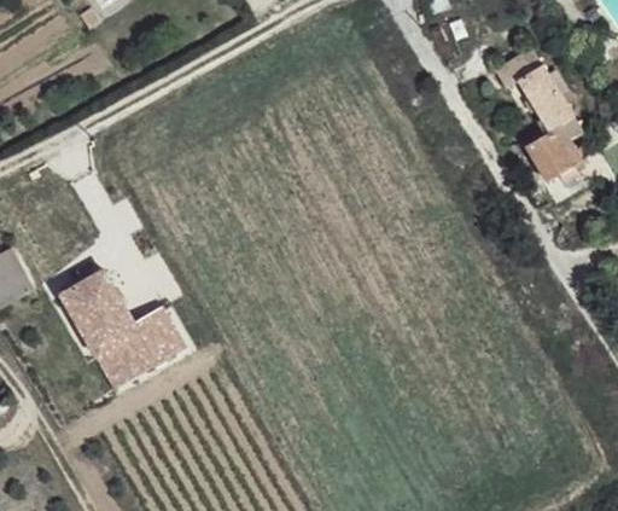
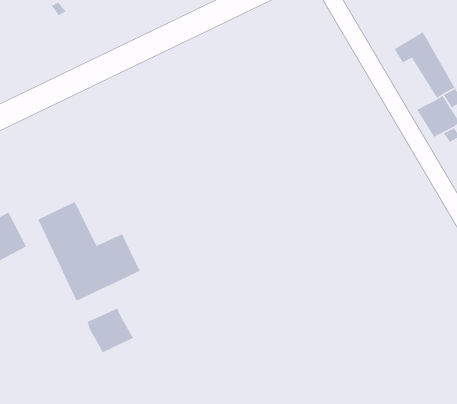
building: none -> [86,307,134,353]

